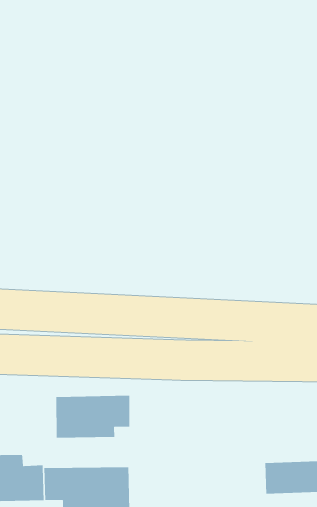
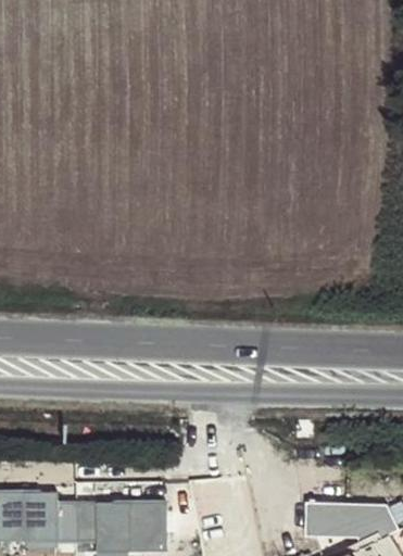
building: [56,395,130,438] -> none

